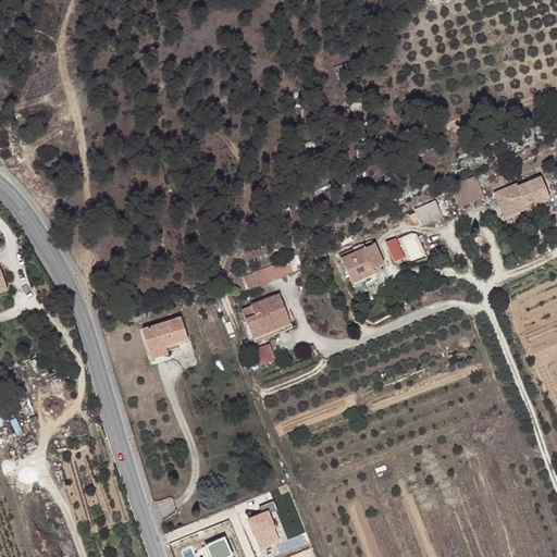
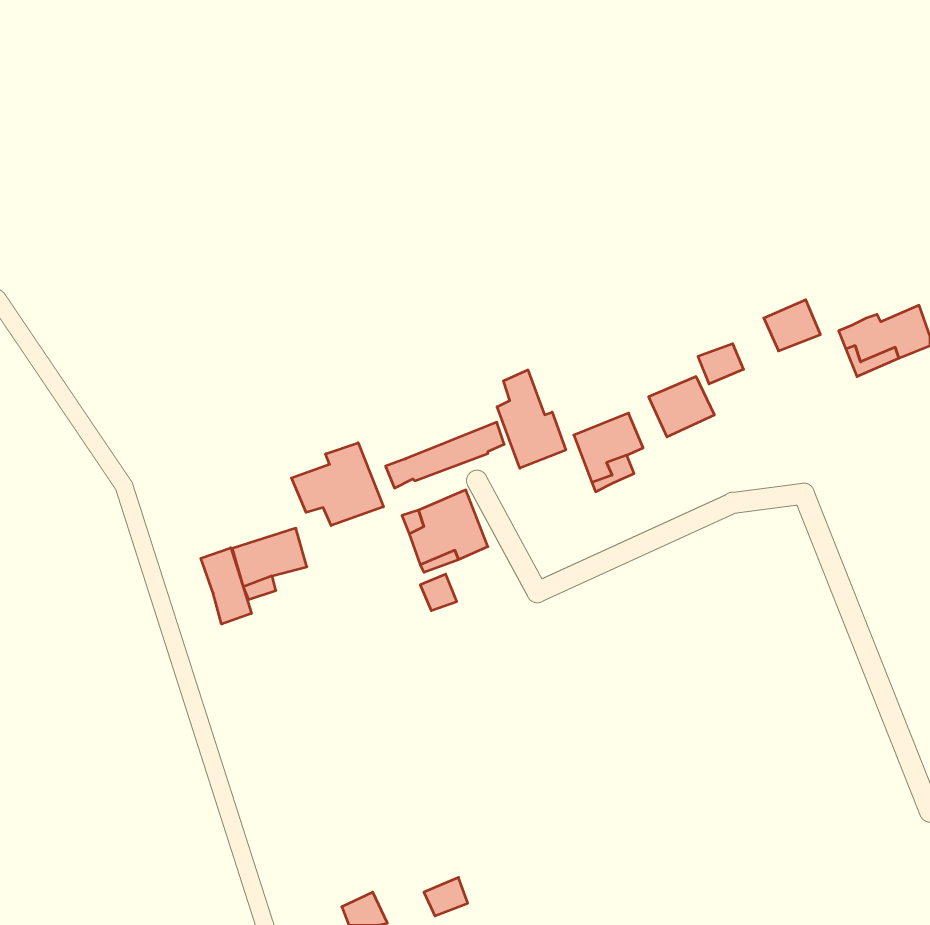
building: none -> [497,370,566,468]
building: none -> [291,443,383,526]
building: none -> [201,548,251,624]
building: [245,505,273,531] -> none

